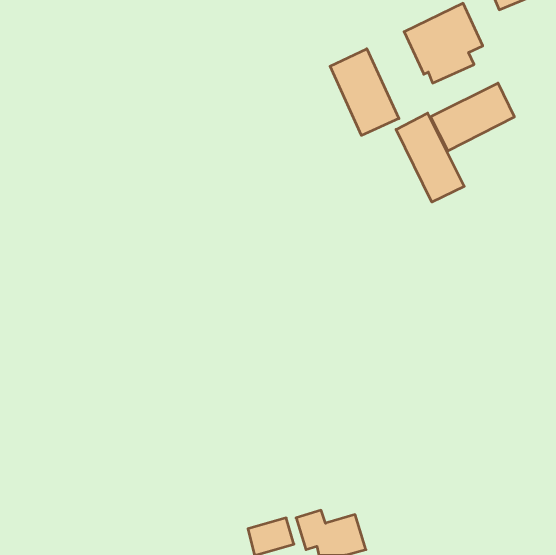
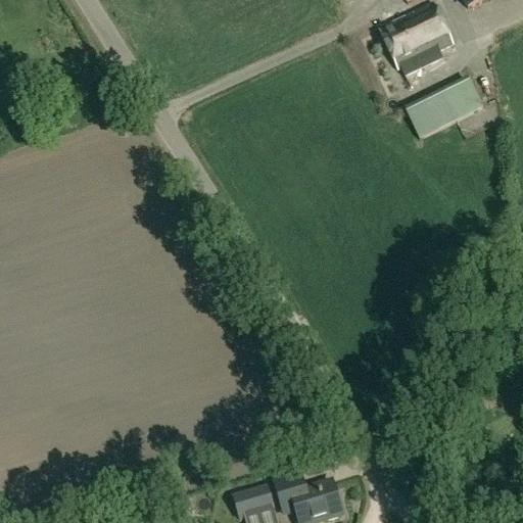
building: [330,49,399,135] -> none
building: [396,113,464,202] -> none

